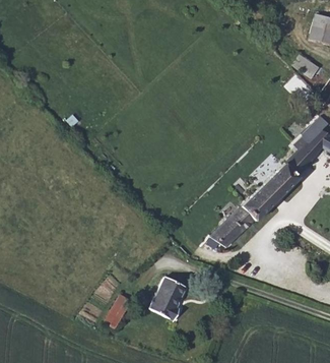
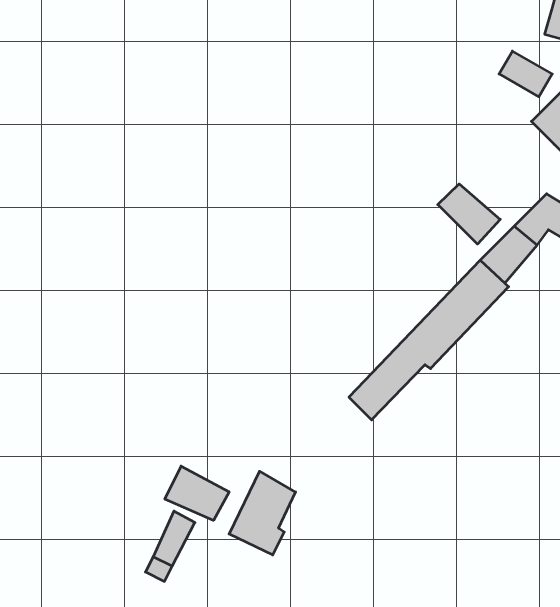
building: none -> [438,184,500,244]
building: none -> [165,466,229,520]

